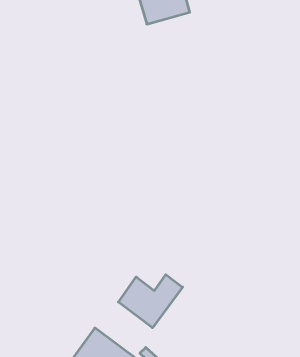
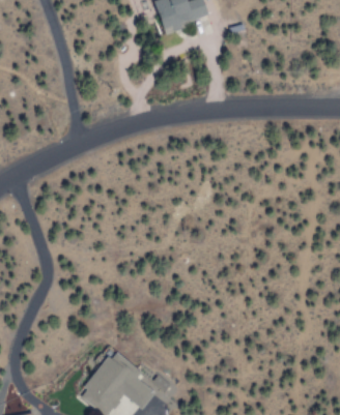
building: [118,275,183,328] -> none

